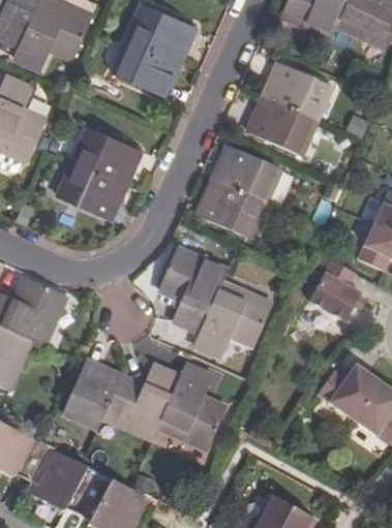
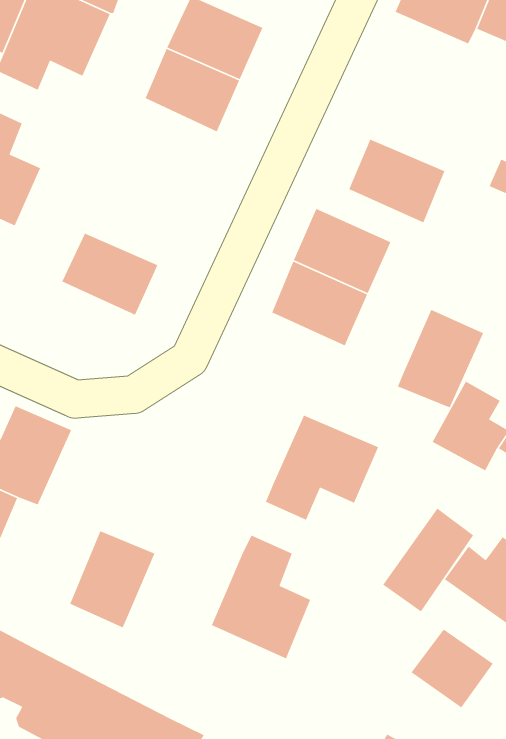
building: [266,63,332,121] -> none
building: [74,126,140,184] -> none
building: none -> [397,309,484,409]
building: [160,250,227,331] -> none
building: none -> [382,508,474,612]
building: [104,365,180,439] -> none
building: none -> [411,628,494,708]

